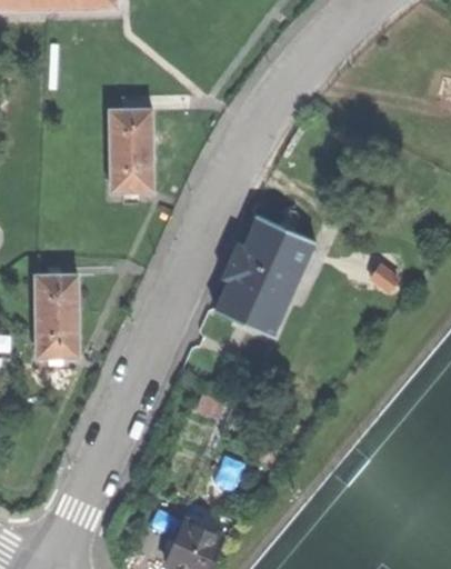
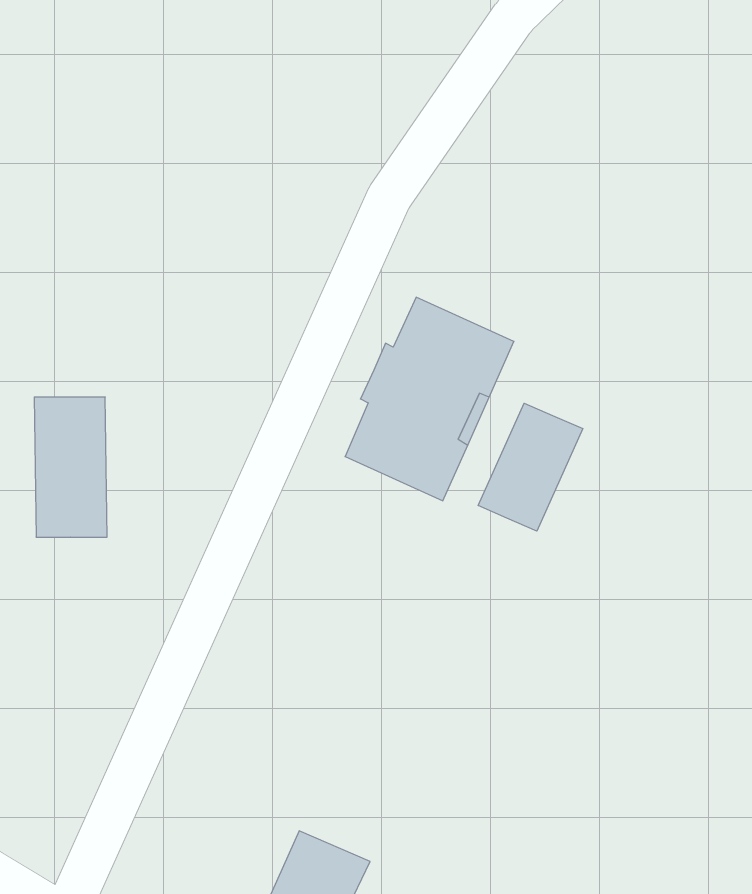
building: [110,108,151,190] -> none
building: none -> [478,403,583,531]

